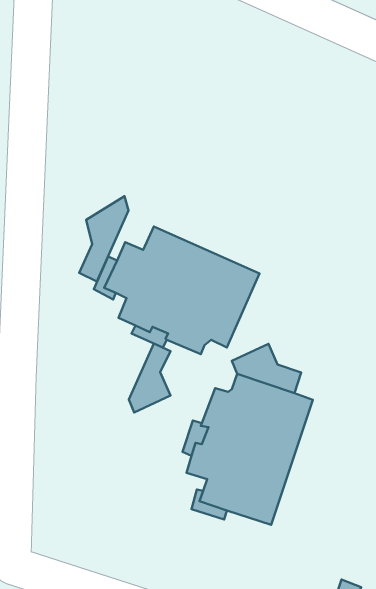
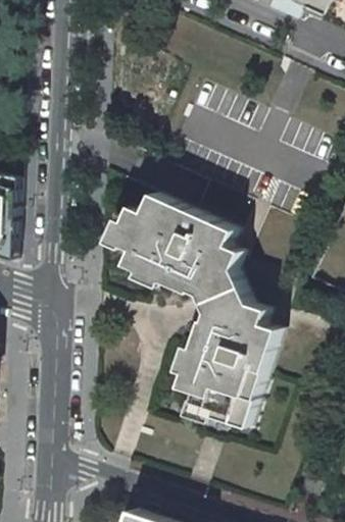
building: [79,196,129,282] -> none
building: [129,343,171,412] -> [205,244,238,298]

